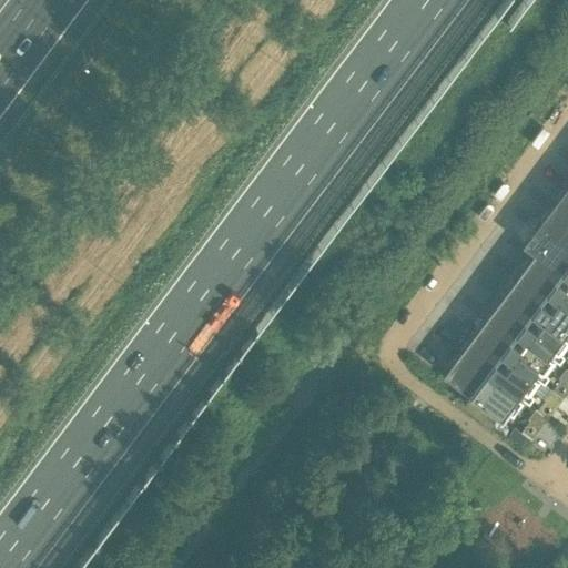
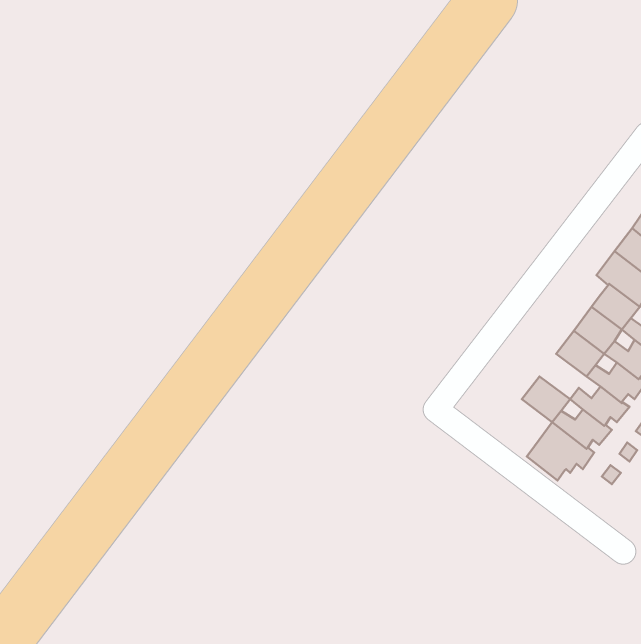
building: [478,313,519,353] -> none
building: [446,353,489,394] -> none

